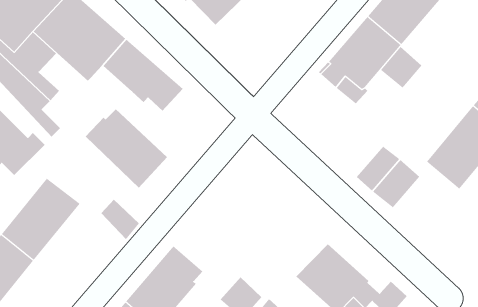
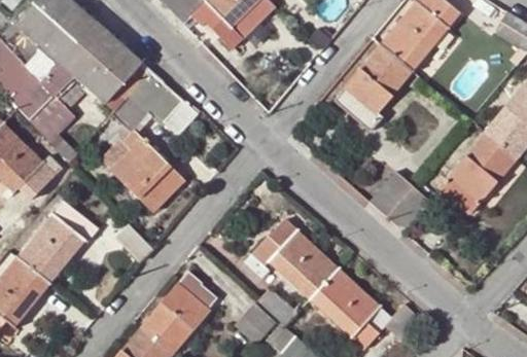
building: [380,46,422,88] -> none
building: none -> [106,91,146,133]
building: none -> [253,218,341,323]

